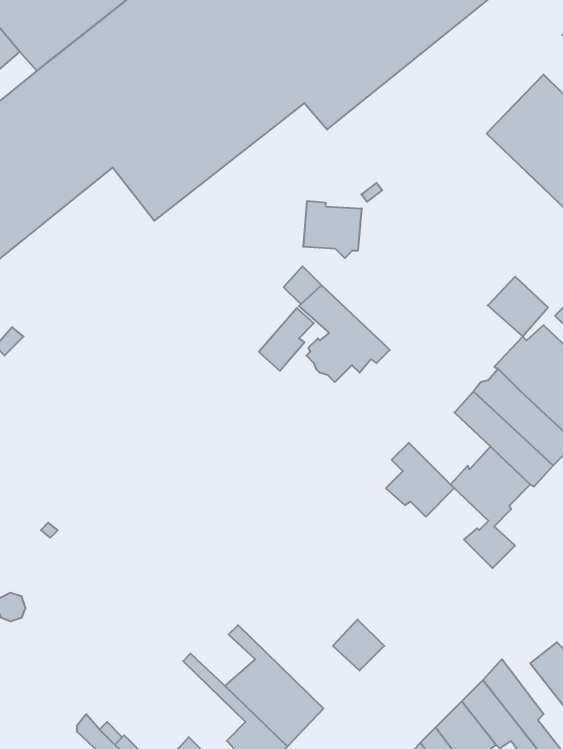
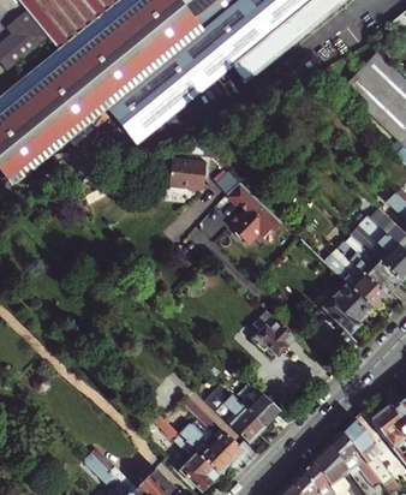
building: [303,201,362,258] -> [171,157,208,193]
building: [488,277,548,337] -> none
building: [386,443,454,517] -> [253,309,297,356]
building: none -> [208,386,264,442]

